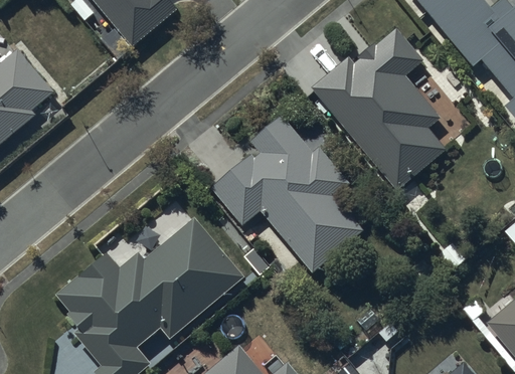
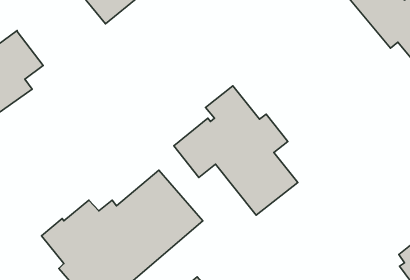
building: [310,25,448,190] -> none

